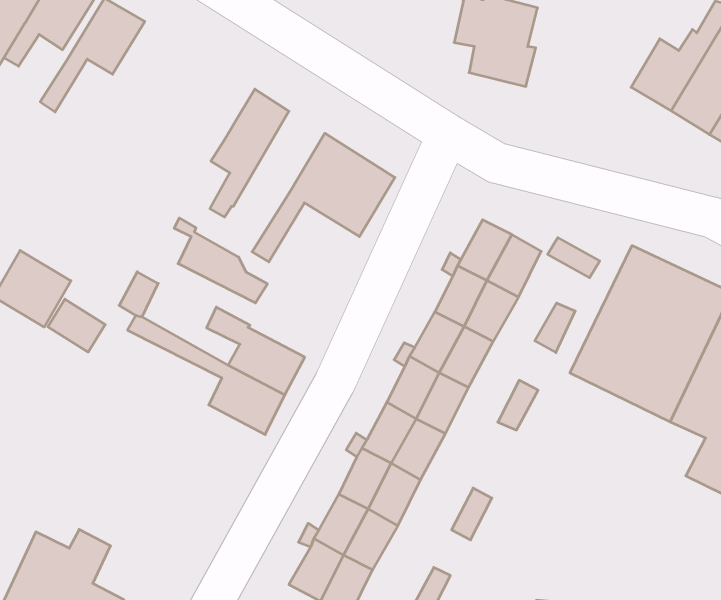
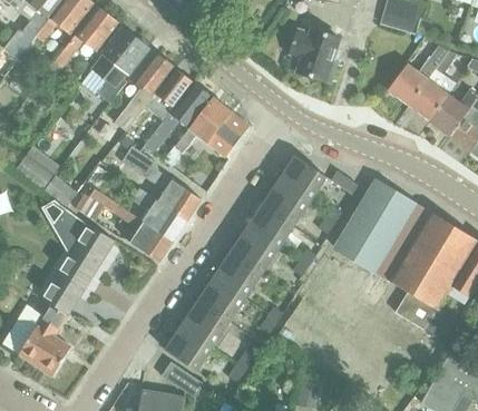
building: none -> [91,29,147,102]
building: none -> [117,52,175,130]
building: none -> [145,82,212,153]
building: none -> [157,180,202,222]
building: none -> [41,199,115,314]

